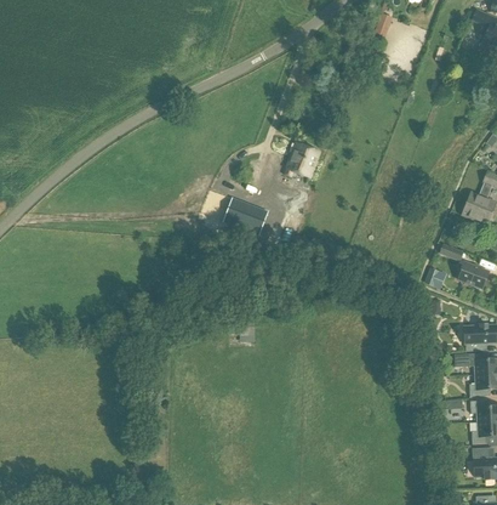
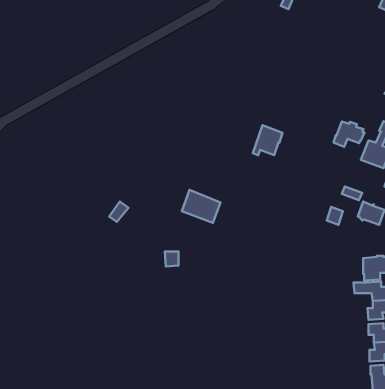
building: [285,142,319,176] -> [253,125,283,155]
building: none -> [333,122,364,147]
building: [224,197,268,234] -> [182,190,220,223]

